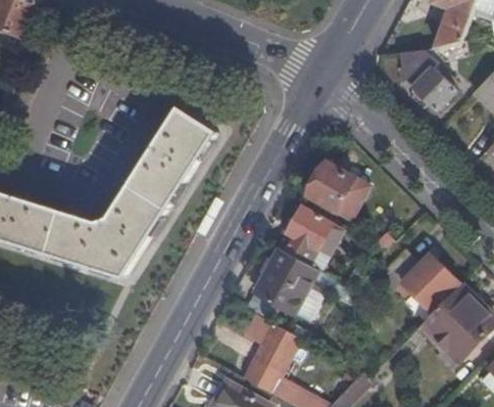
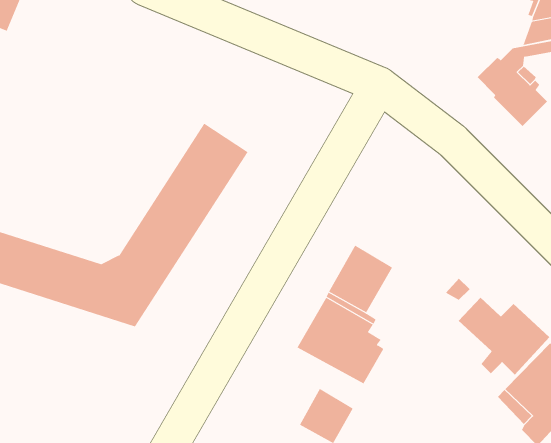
building: [305,163,367,221] -> none

